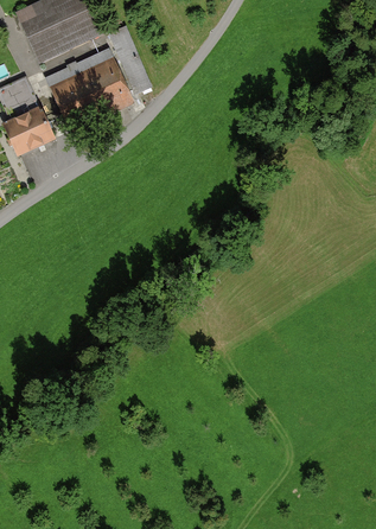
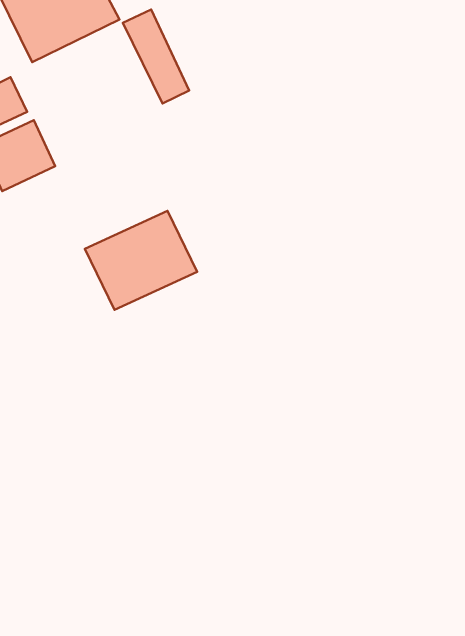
building: [46,49,127,120] -> [85,211,197,310]

